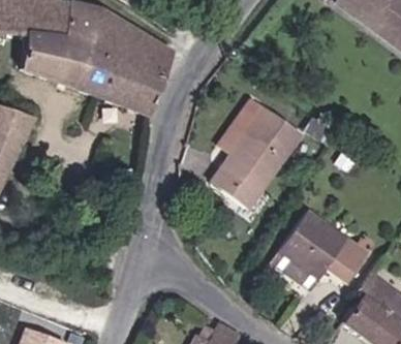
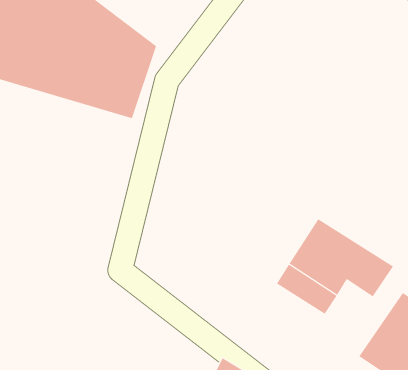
building: [215,99,303,197] -> none

